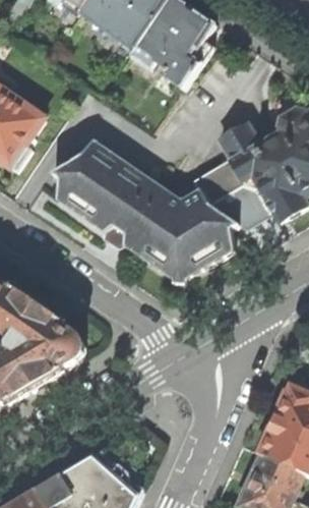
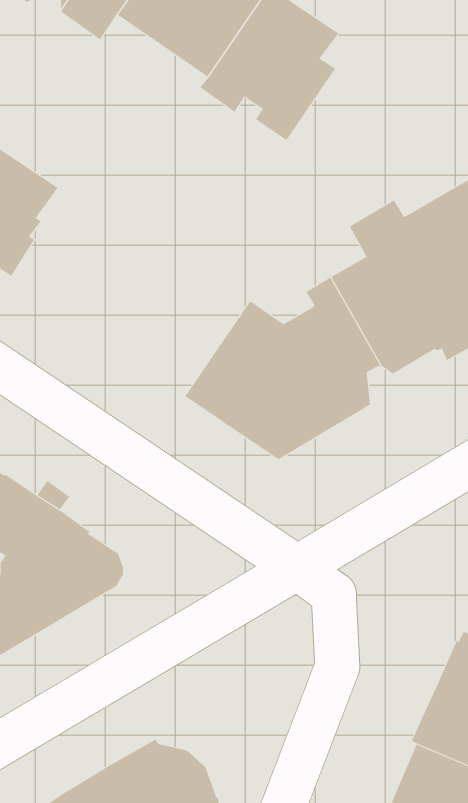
building: [50,137,159,241] -> none

